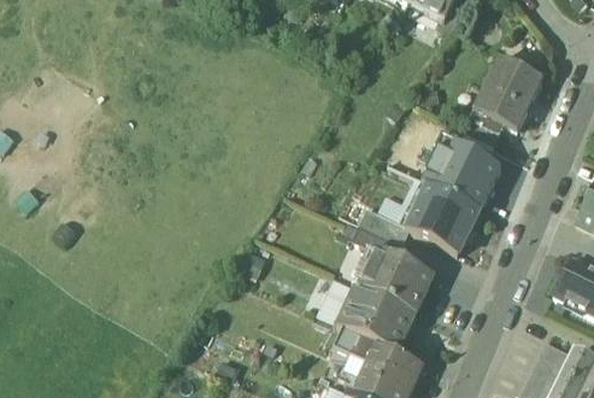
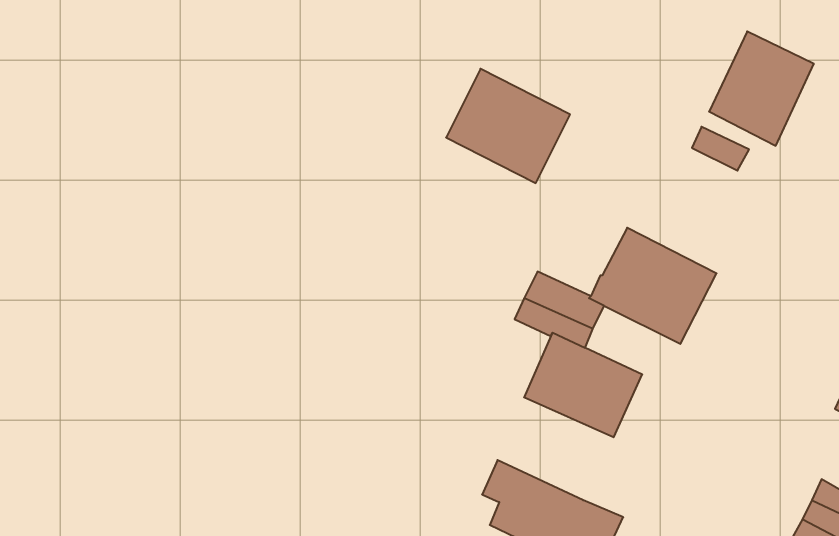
building: [425,134,504,206] -> [446,69,570,183]
building: [318,273,417,350] -> none

